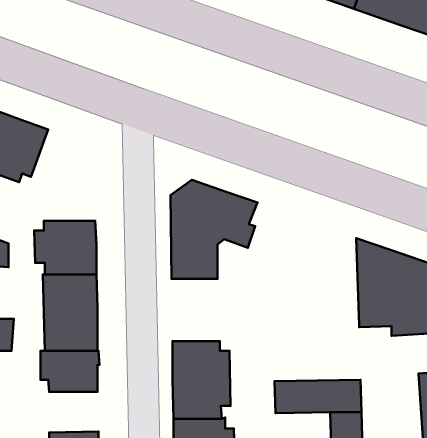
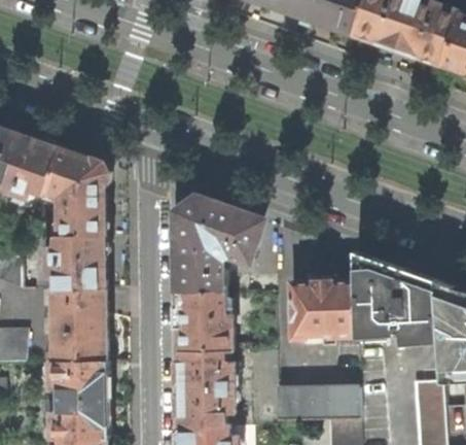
building: none -> [43,148,106,236]
building: none -> [292,277,357,339]
building: none -> [177,292,232,351]
building: none -> [51,400,108,439]

